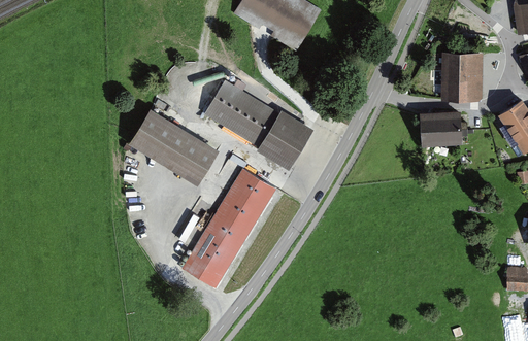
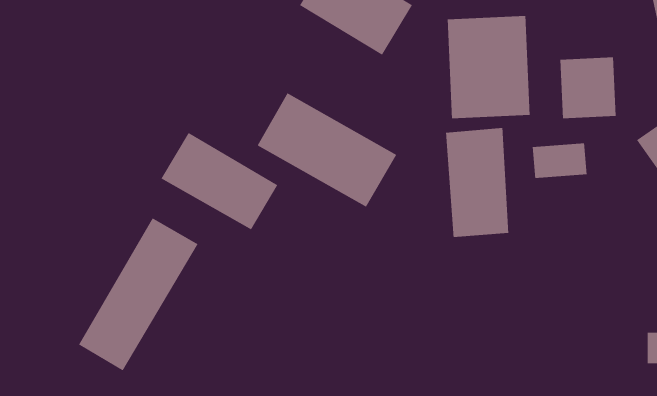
building: none -> [447,15,530,119]
building: none -> [445,127,509,238]
building: [183,169,276,288] -> [78,218,199,371]

